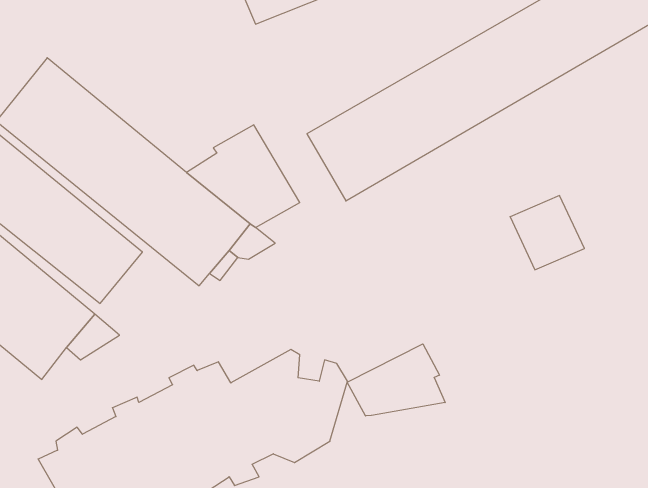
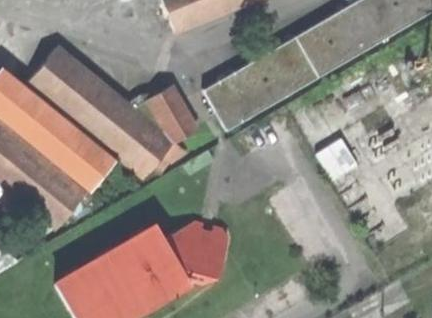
building: [347,344,445,416] -> none

